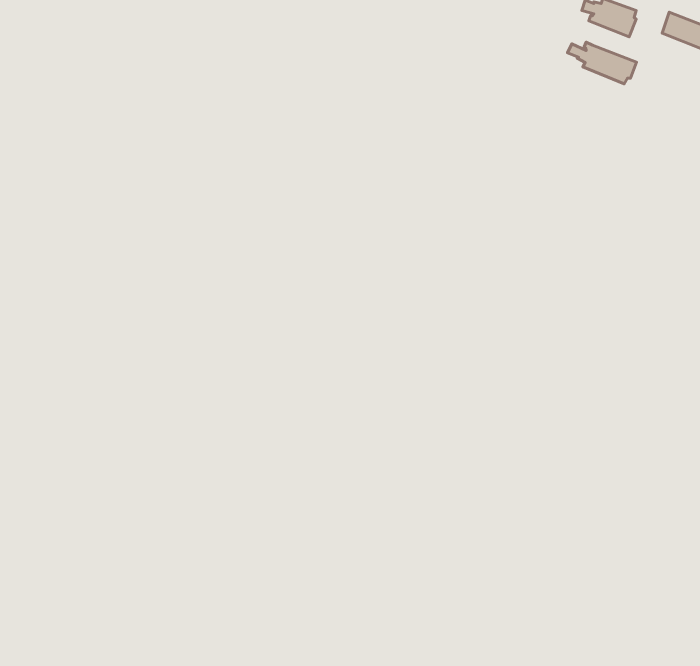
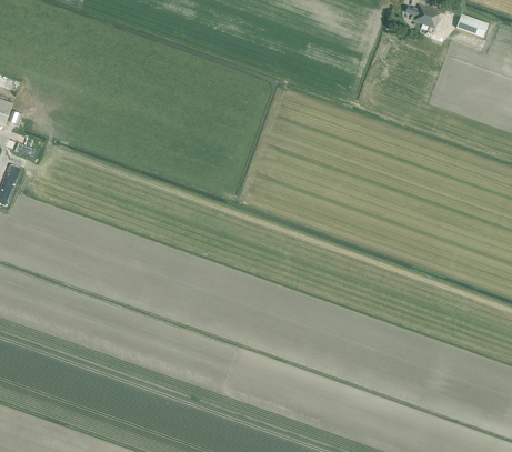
building: [567,42,637,84] -> none

